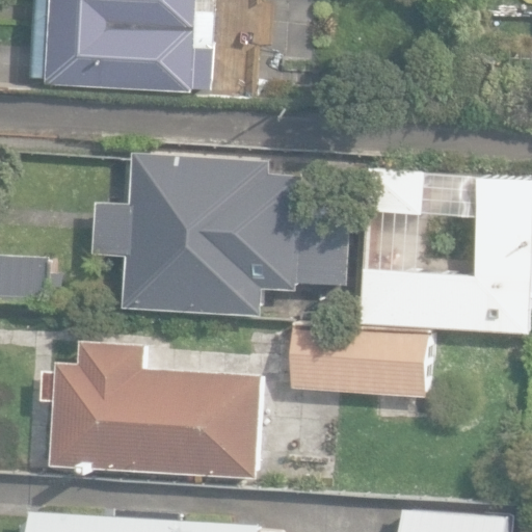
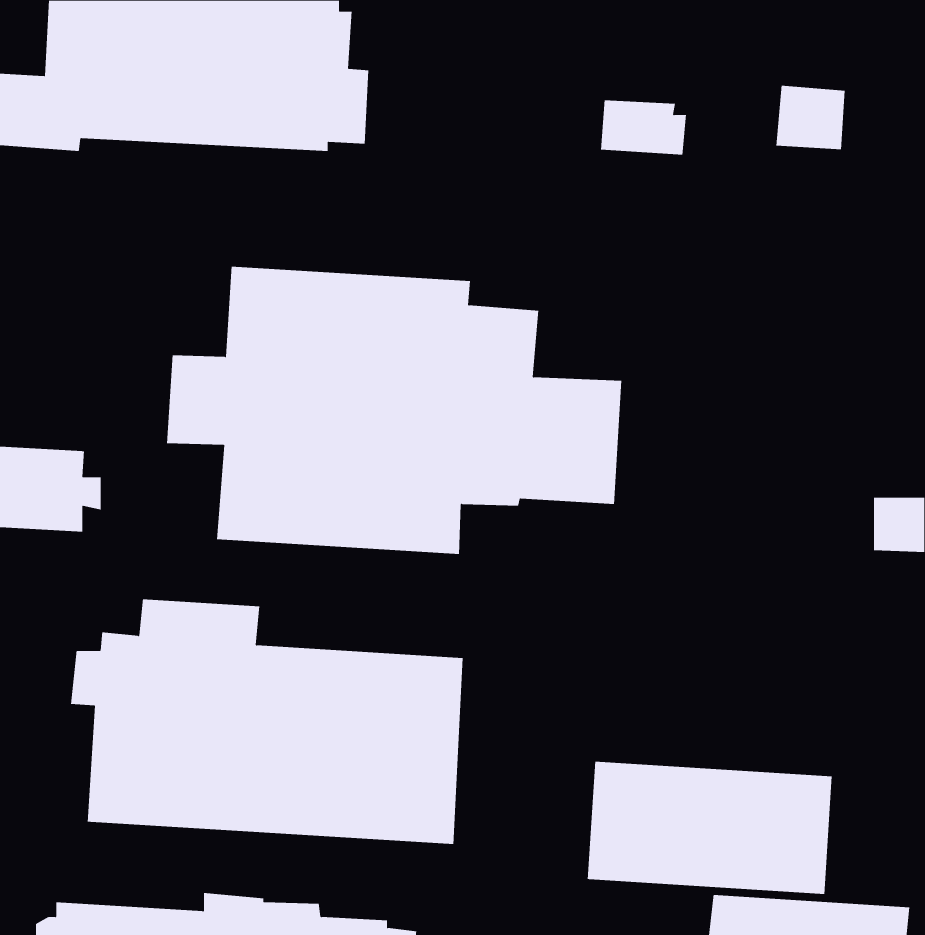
building: [405,185,489,323] -> none
building: [289,323,427,398] -> [587,761,833,894]

